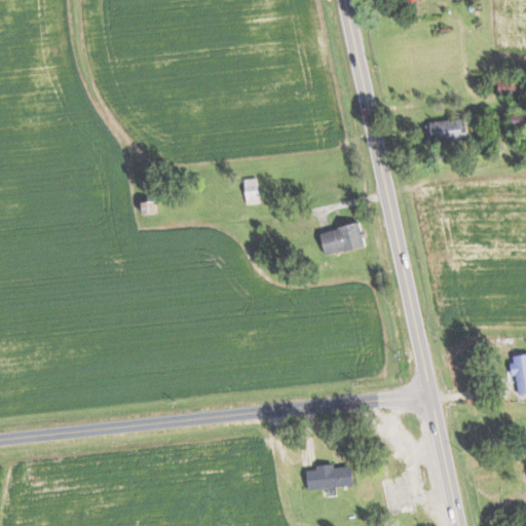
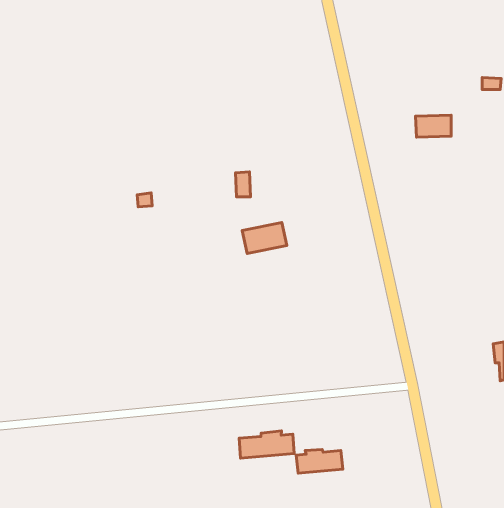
building: [320,223,366,255] -> [242,223,287,253]
building: none -> [239,431,294,458]

